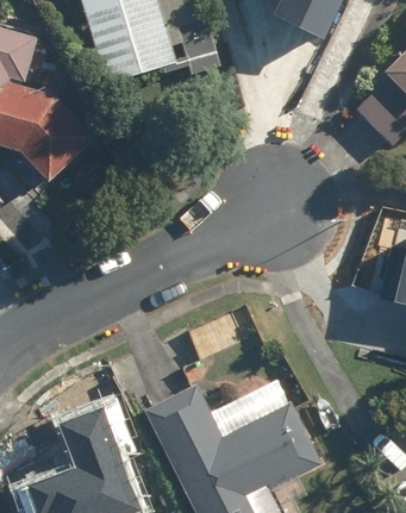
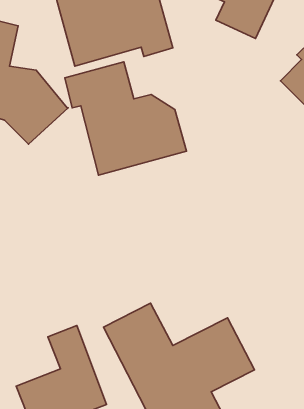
building: none -> [65,62,186,175]

